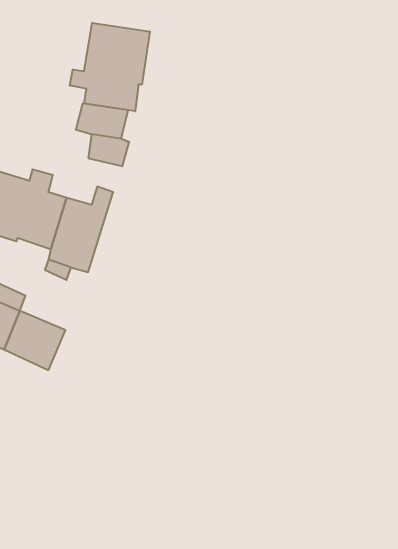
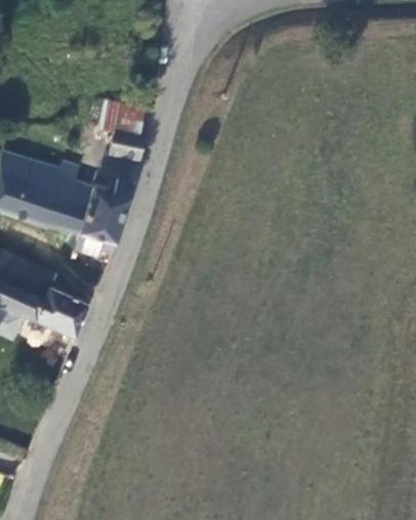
building: [70,23,150,111] -> none

